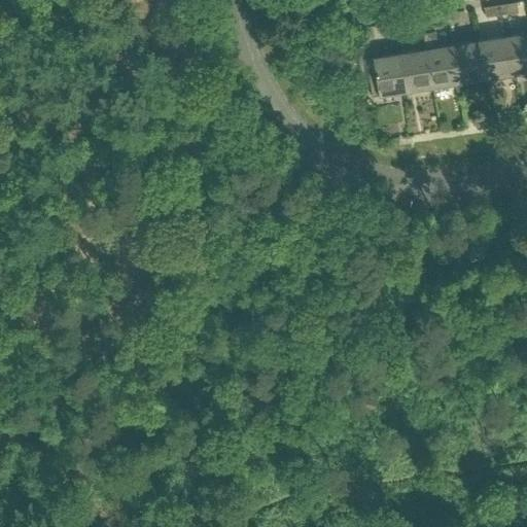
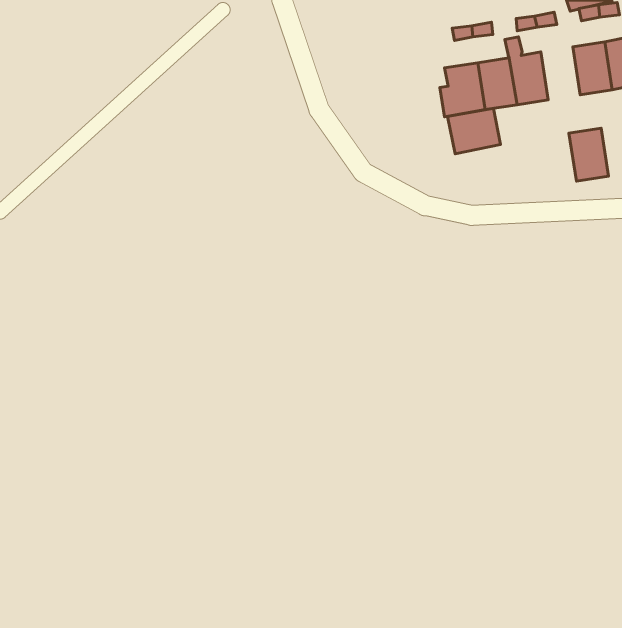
building: [458,40,491,84] -> [569,128,608,181]
building: none -> [448,108,500,154]

